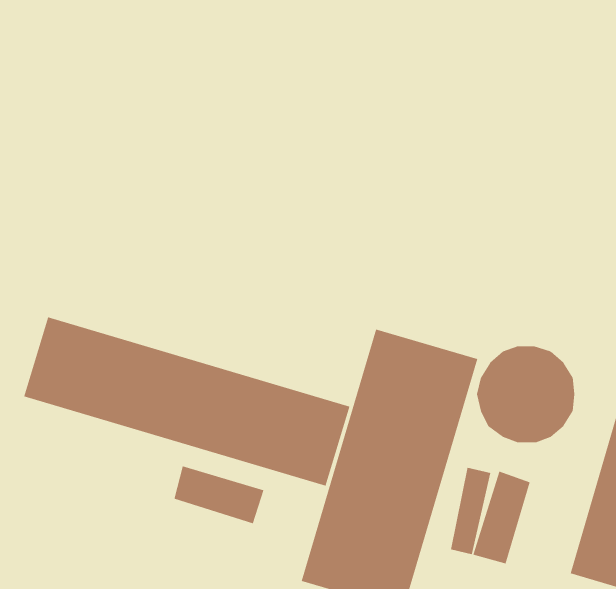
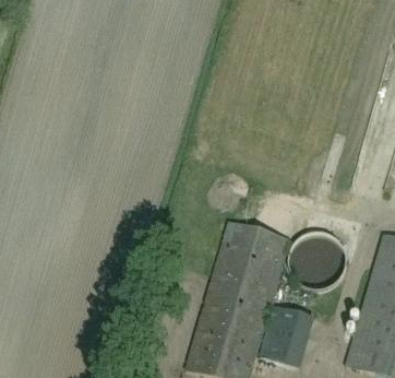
building: [24,317,350,486] -> none
building: [174,466,264,524] -> none

